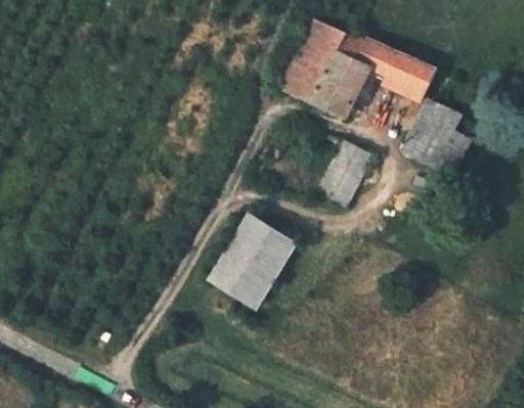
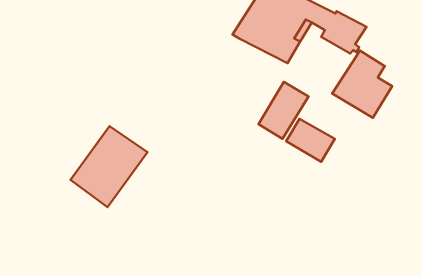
building: none -> [286,119,335,162]
building: [209,213,298,309] -> [71,126,147,207]

